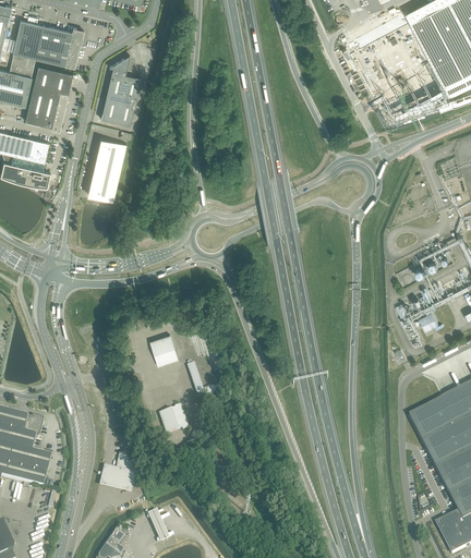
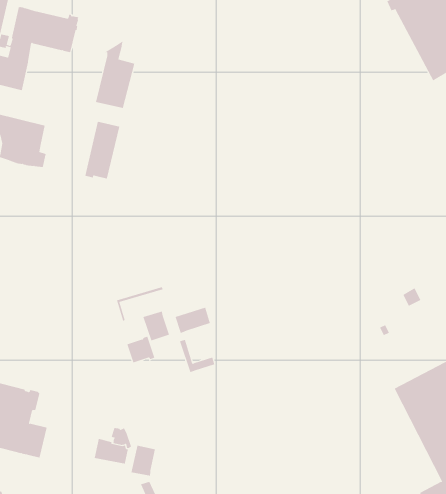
building: [25,65,73,129] -> none
building: none -> [175,307,211,334]
building: [158,405,188,434] -> [127,336,155,363]
building: none -> [131,445,156,477]

